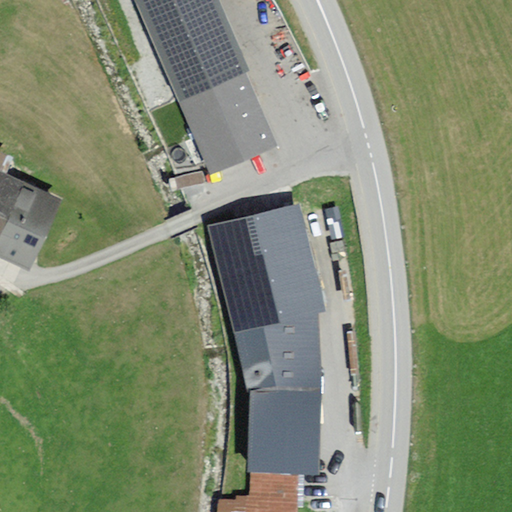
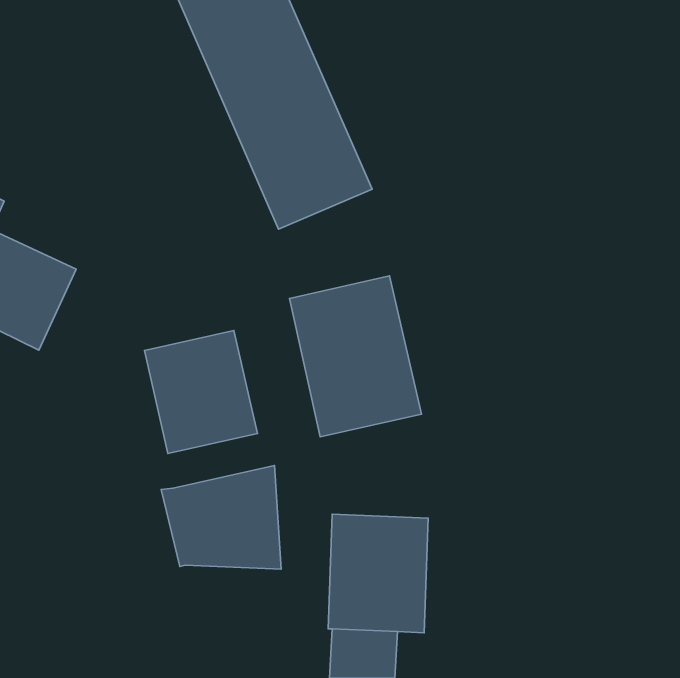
building: none -> [144,330,257,453]
building: [231,311,321,389] -> [161,465,281,569]

